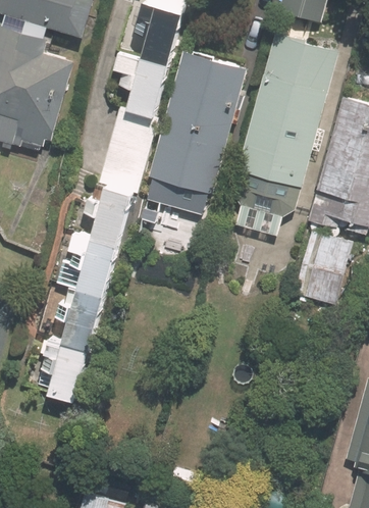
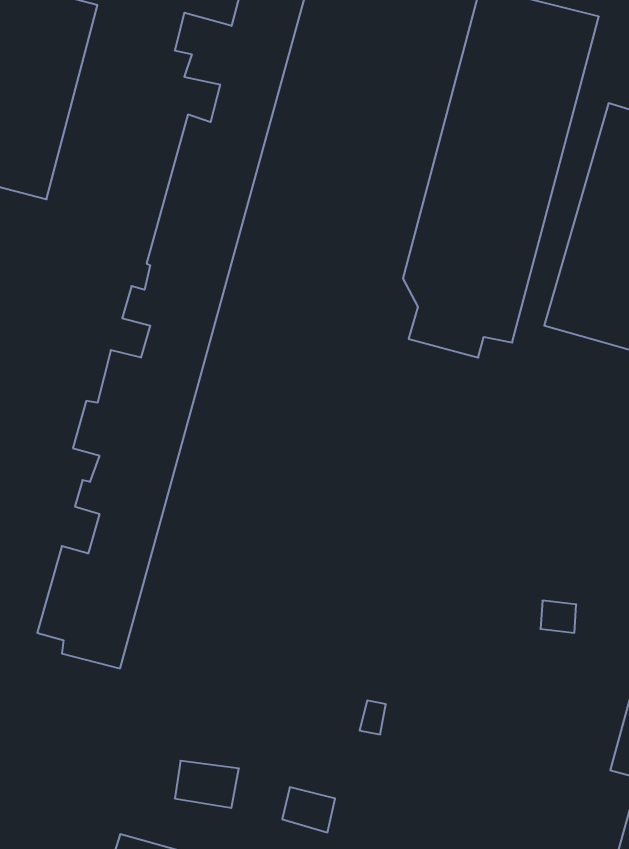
building: [150,51,246,213] -> none
building: [294,233,348,303] -> none

